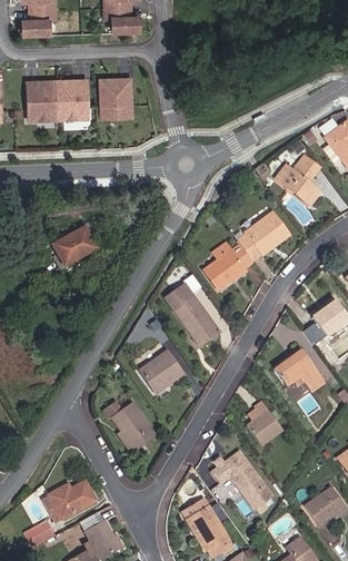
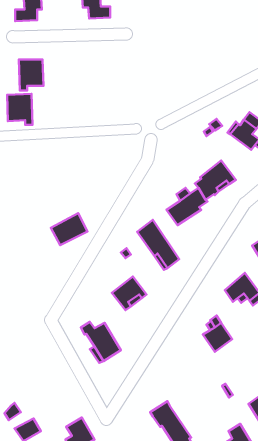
building: [98,82,129,121] -> none
building: [54,85,86,122] -> [7,94,33,125]
building: [48,234,92,273] -> [51,213,87,245]
building: [217,452,274,515] -> none
building: [48,484,95,526] -> none

